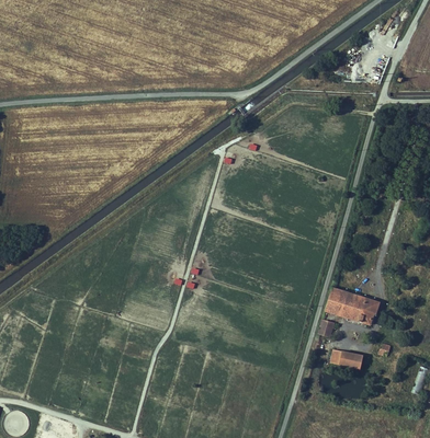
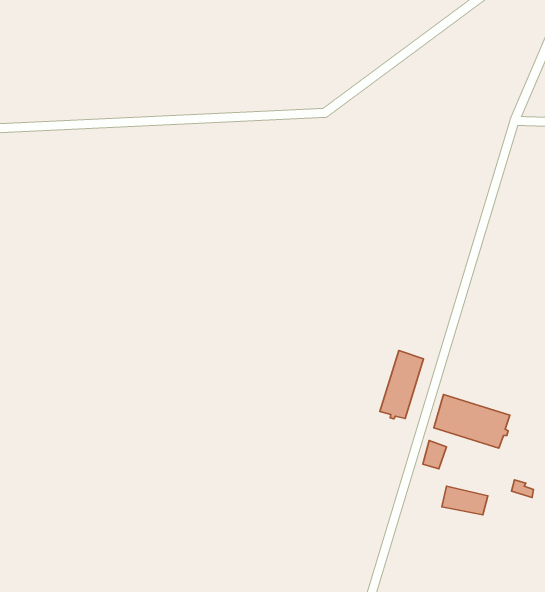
building: none -> [380,350,423,419]

